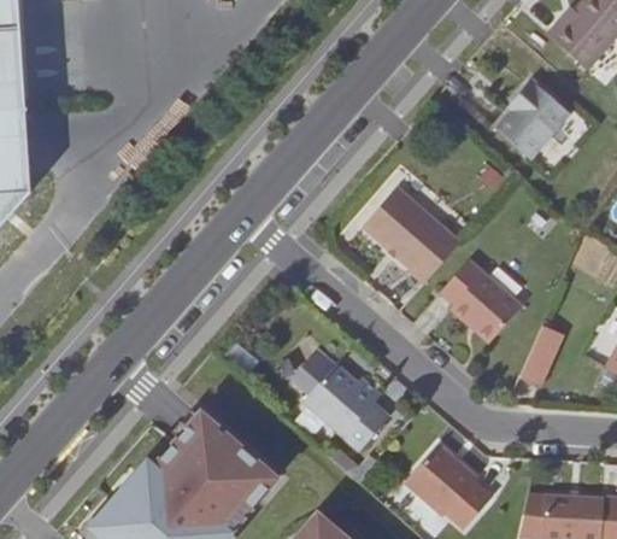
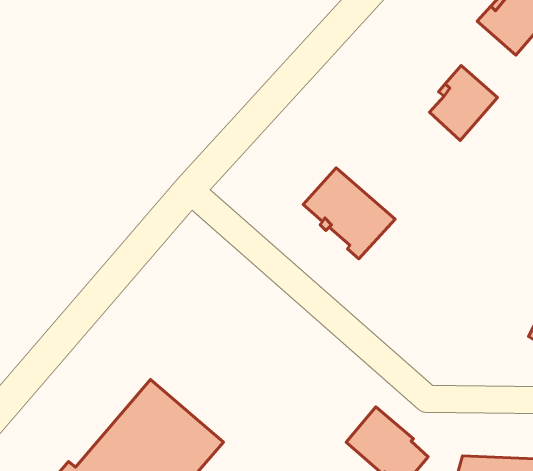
building: [439,259,518,342] -> none
building: [518,320,566,383] -> none
building: [289,345,389,449] -> none

